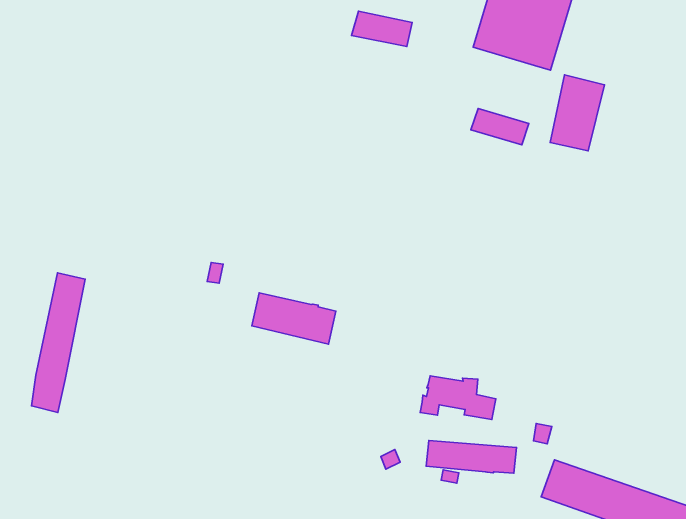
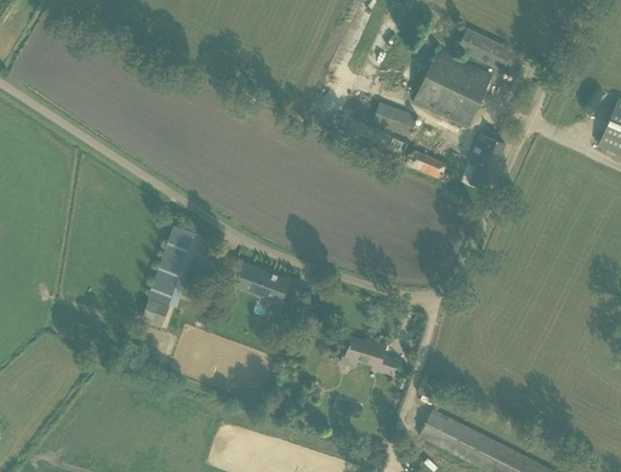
building: [352,11,412,47] -> [374,104,418,135]
building: [32,273,85,412] -> [143,226,194,326]
building: [426,440,517,473] -> none

